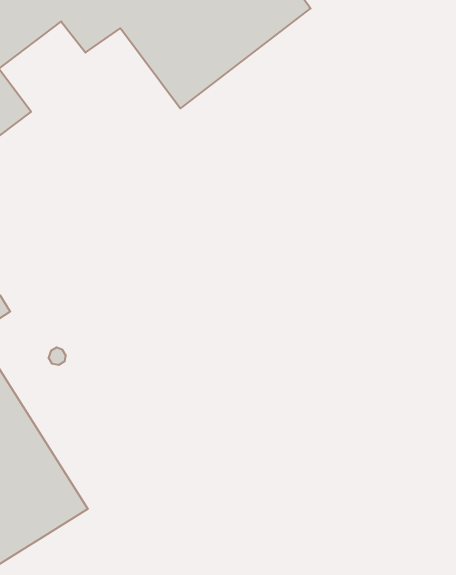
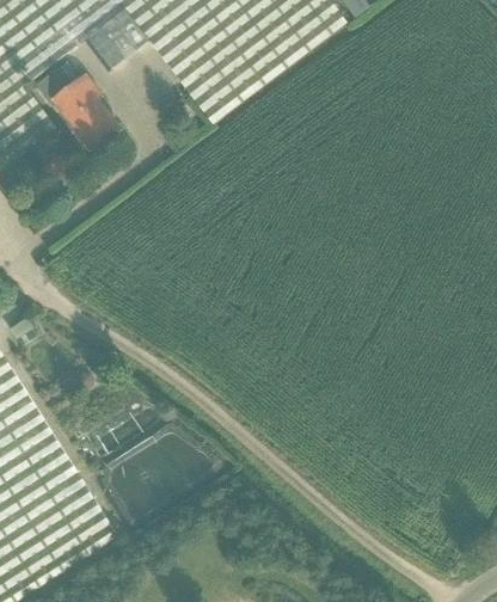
building: none -> [32,61,119,146]

